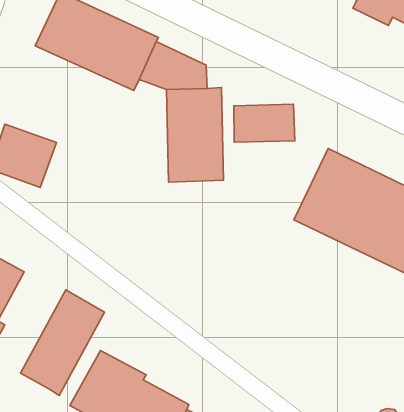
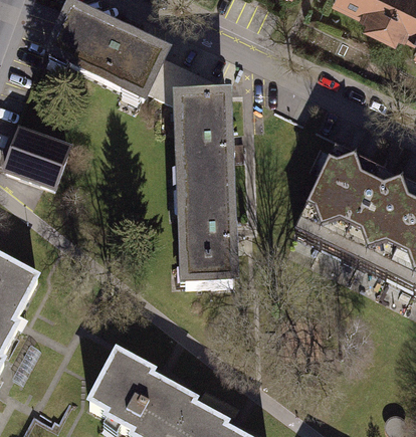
building: [234,104,295,142] -> none
building: none -> [179,188,237,279]
building: [20,290,105,395] -> none

